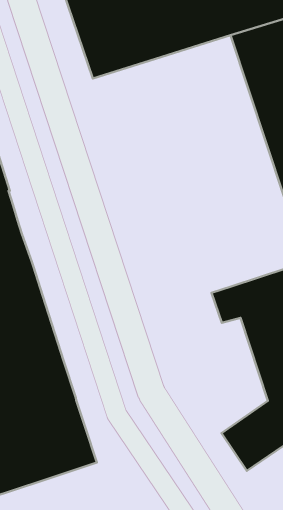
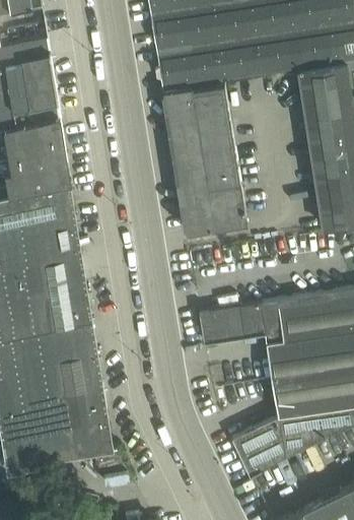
building: none -> [163,81,247,234]
building: none -> [200,307,247,343]

